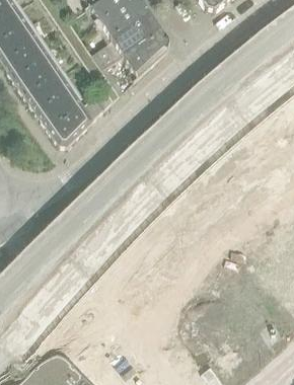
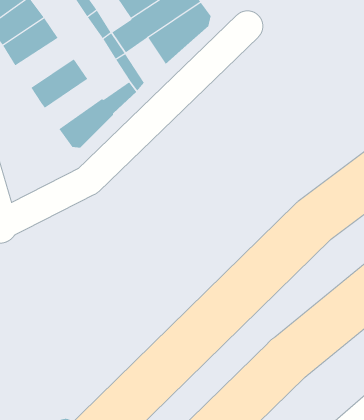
building: [16,58,63,97] -> none
building: [40,90,85,130] -> none

